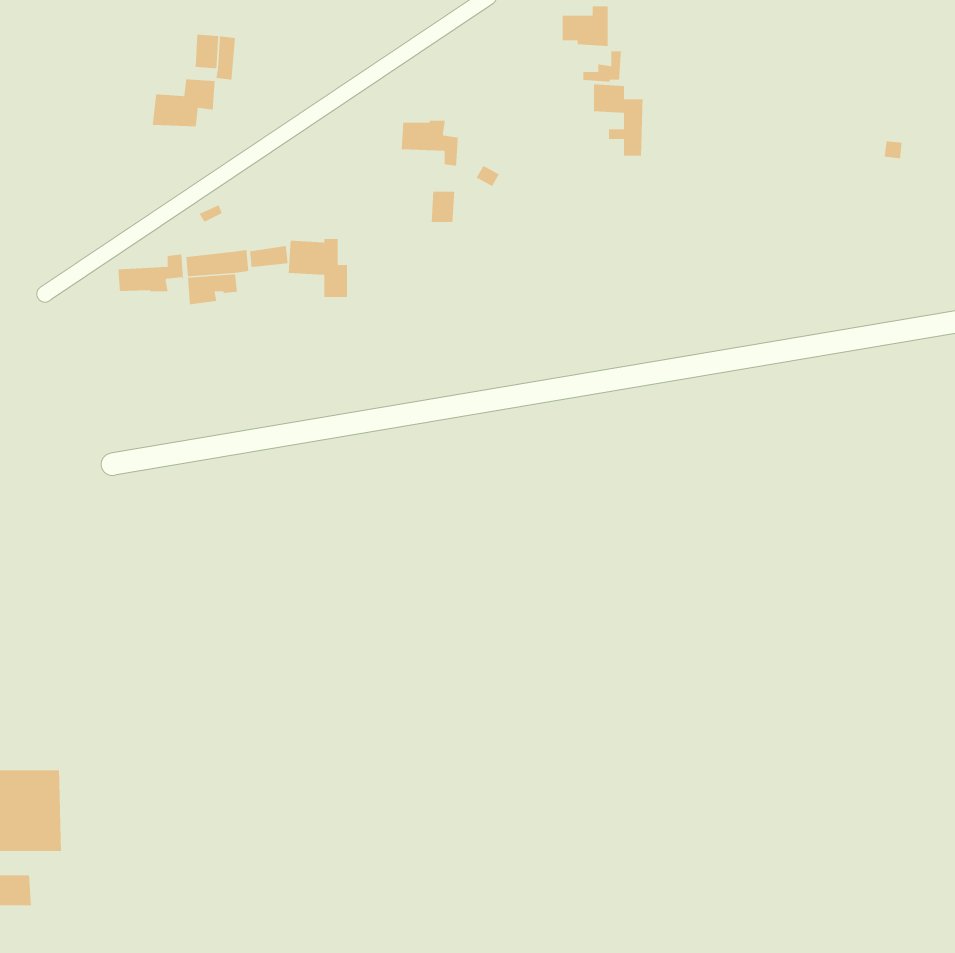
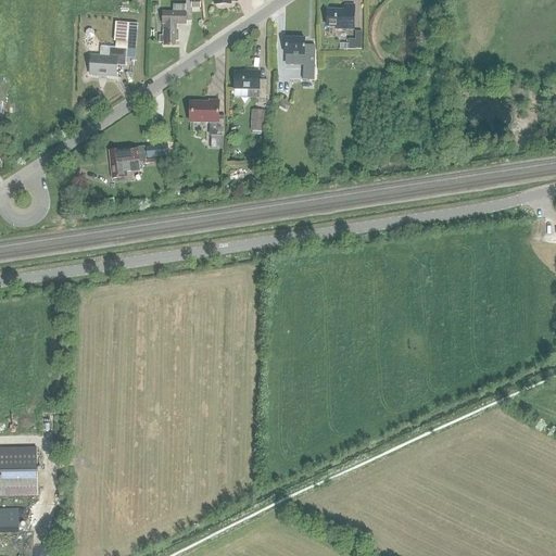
building: none -> [159,10,185,43]
building: [593,84,644,157] -> [285,36,314,78]
building: [288,238,348,298] -> [188,99,223,134]
building: [117,253,184,292] -> none

